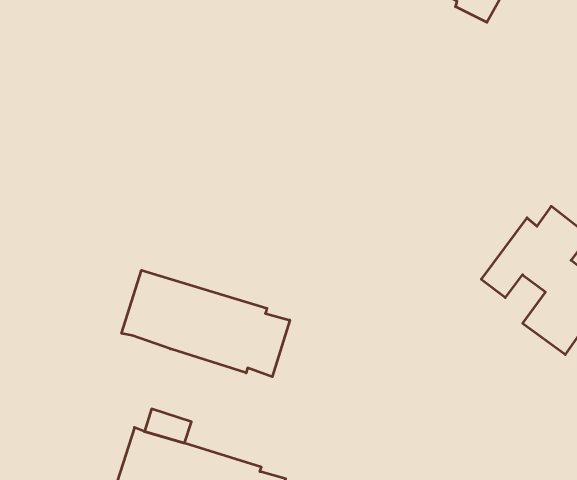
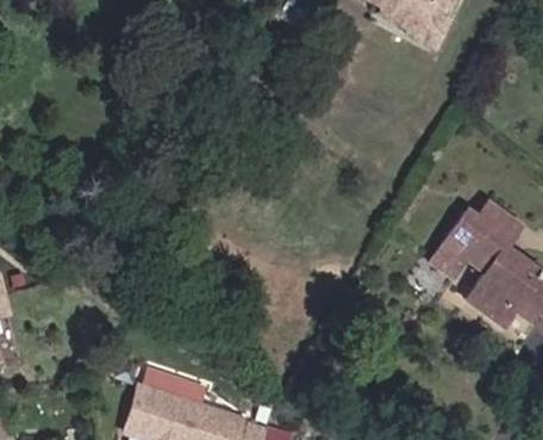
building: [122,270,290,377] -> none

